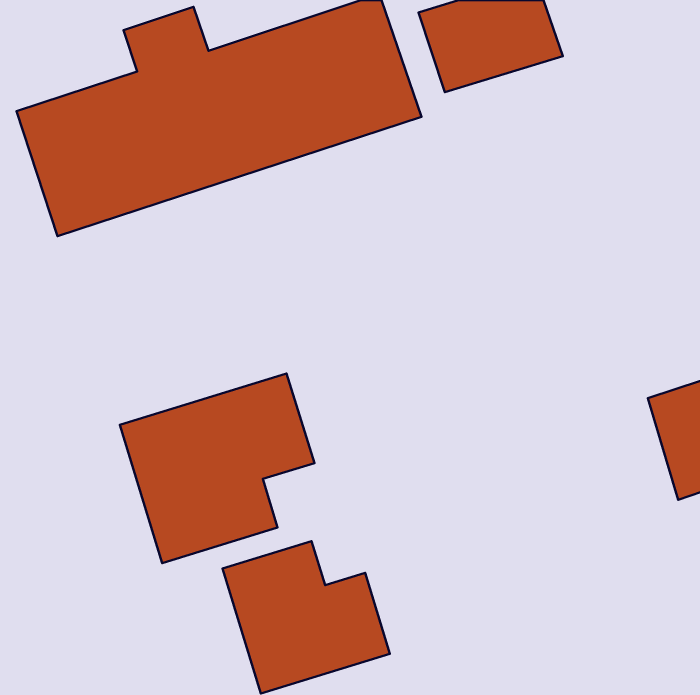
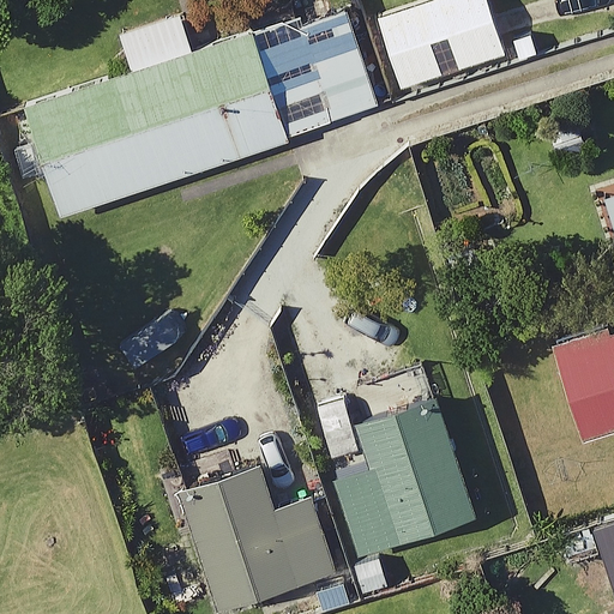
building: [120,374,314,563] -> none
building: none -> [343,413,478,556]

